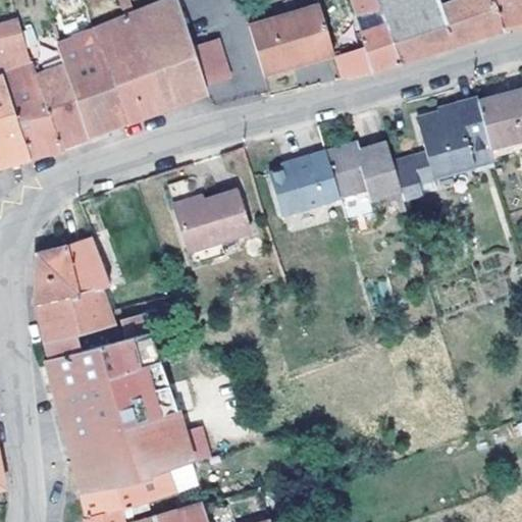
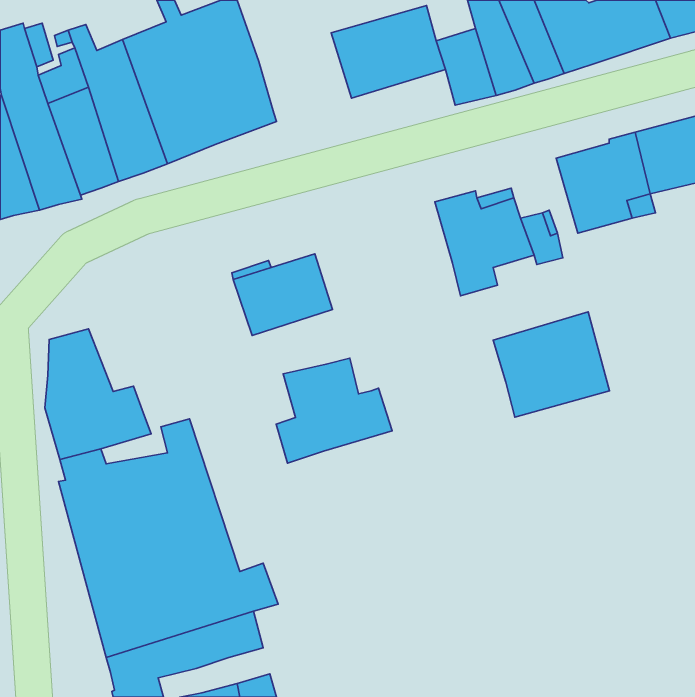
building: [195,37,229,85] -> none
building: [269,150,340,213] -> none
building: none -> [493,312,609,417]
building: [67,237,110,293] -> none
building: none -> [276,358,392,463]

